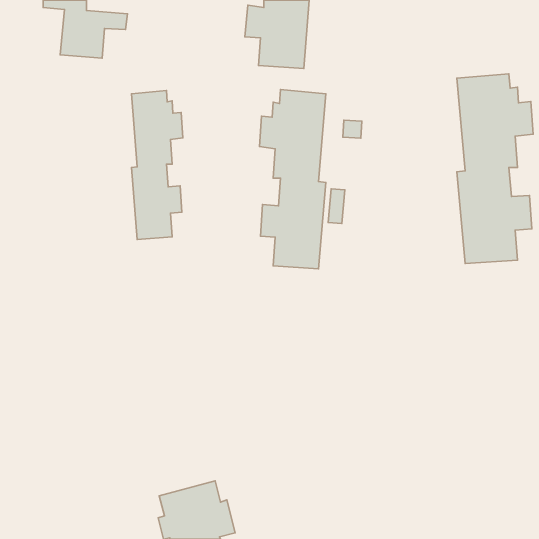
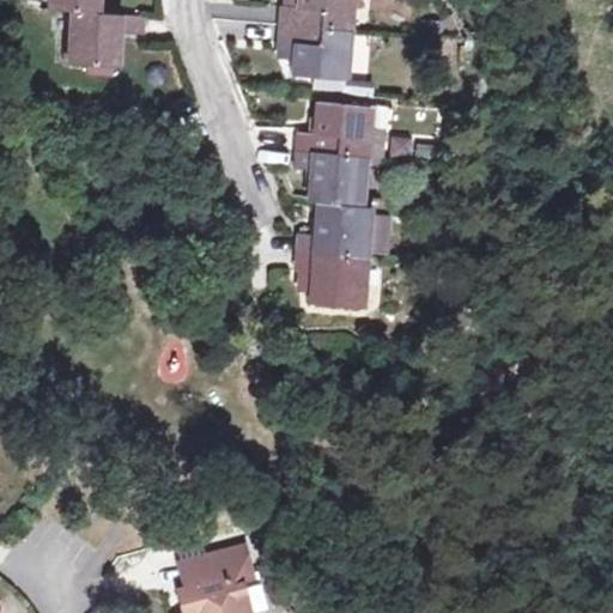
building: [457,74,533,264] -> none
building: [131,90,183,239] -> none

